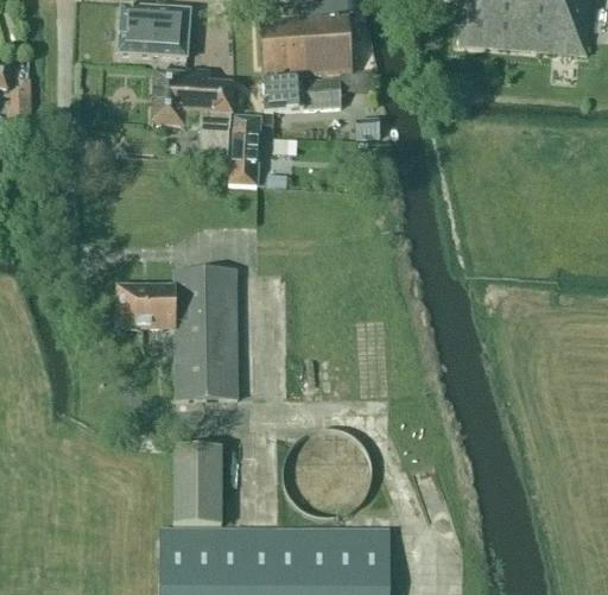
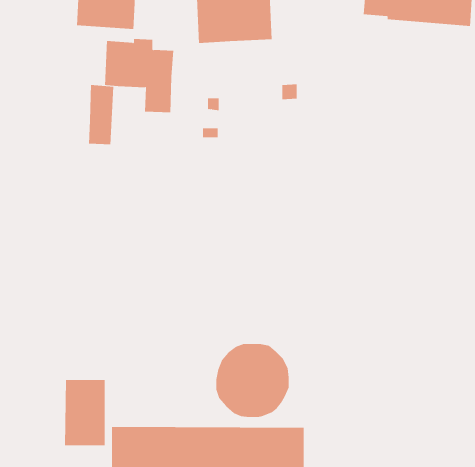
building: [262,71,368,109] -> none
building: [229,113,260,184] -> [88,85,114,145]
building: [119,268,239,398] -> none
building: [172,445,221,524] -> [64,380,105,446]

